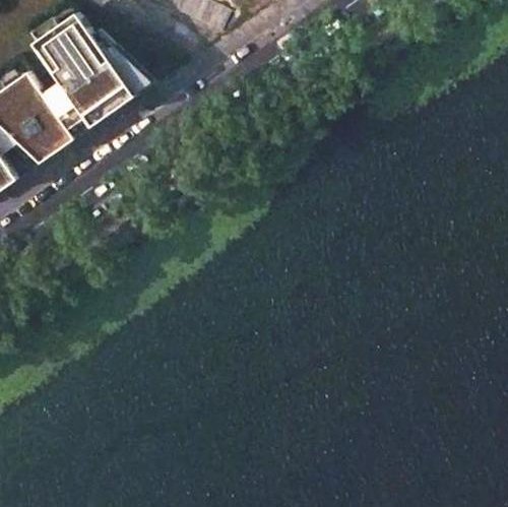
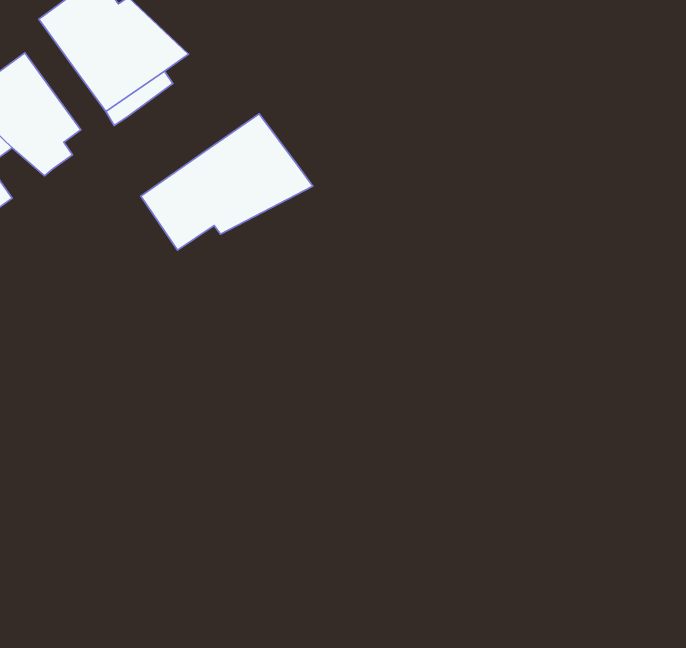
building: [44,84,90,146] -> none
building: none -> [141,114,313,250]

